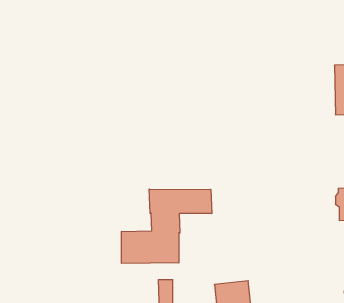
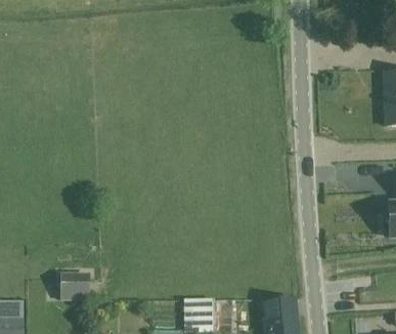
building: [122,189,212,263] -> none
building: none -> [60,272,89,300]

